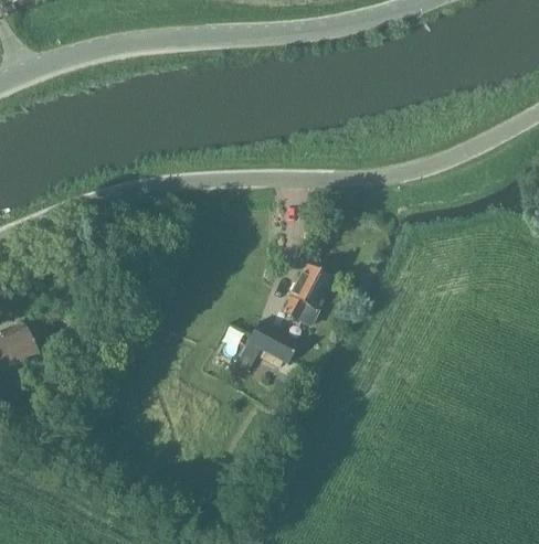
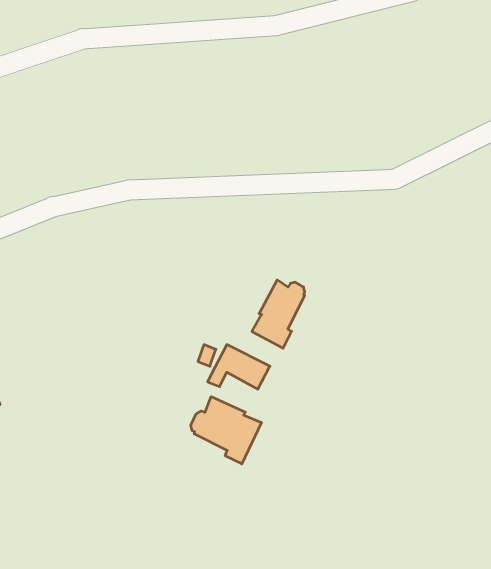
building: none -> [191,397,261,464]

